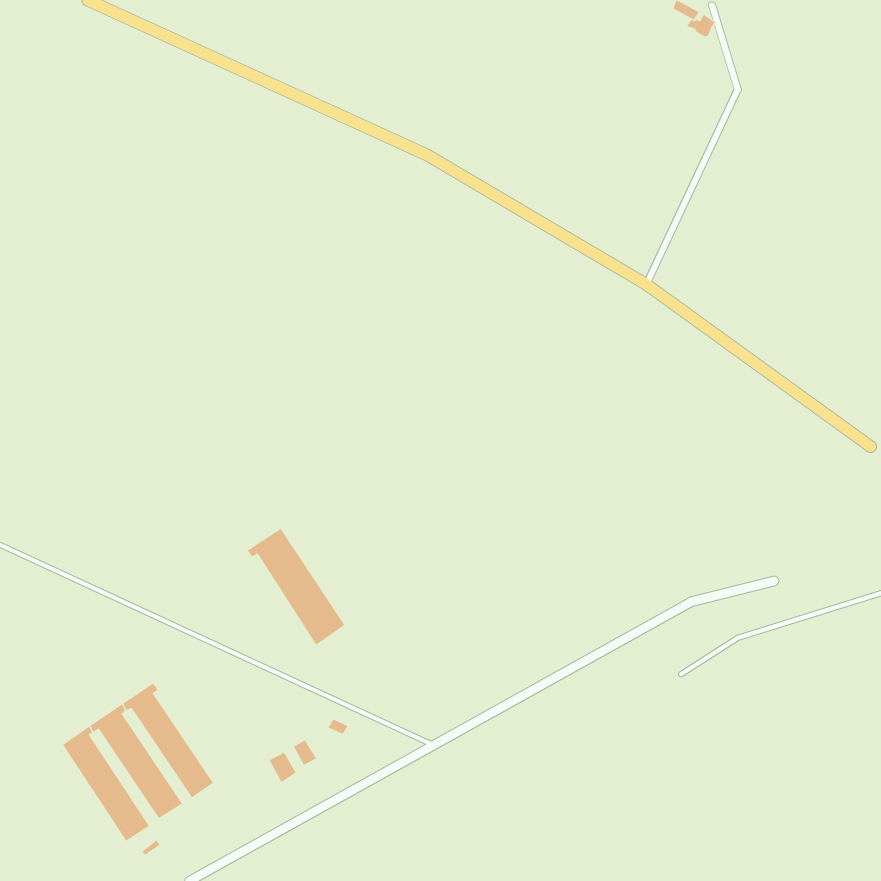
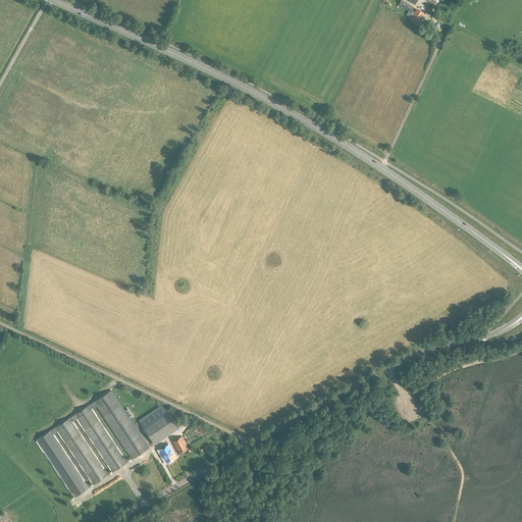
building: [247,528,345,645] -> [91,390,149,460]
building: none -> [139,406,179,443]

